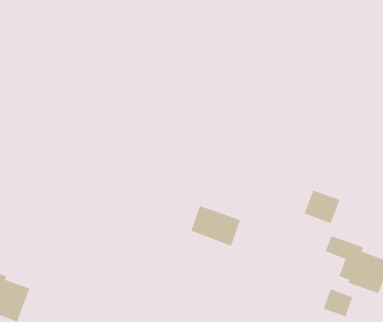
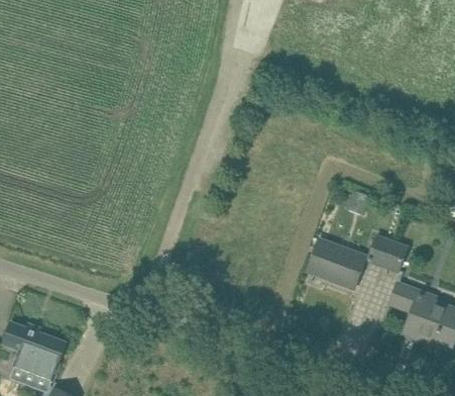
building: [190,205,241,246] -> [307,242,362,288]
building: [323,289,353,317] -> none

